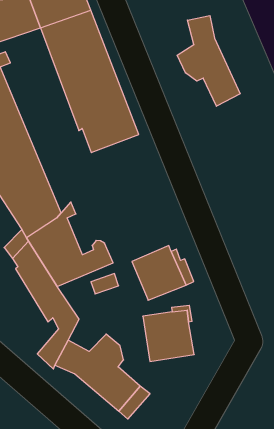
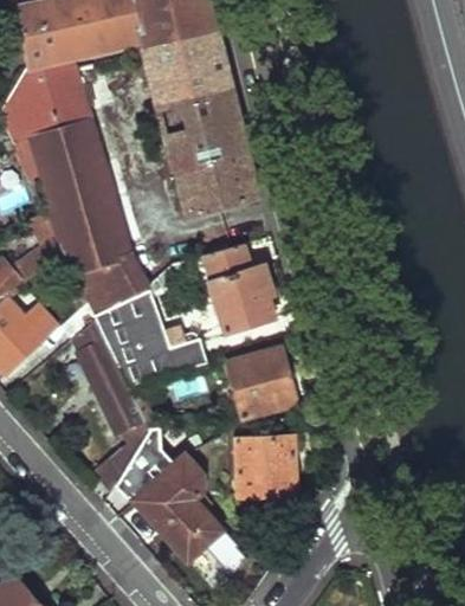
building: [177,16,240,106] -> none
building: none -> [205,245,275,331]

